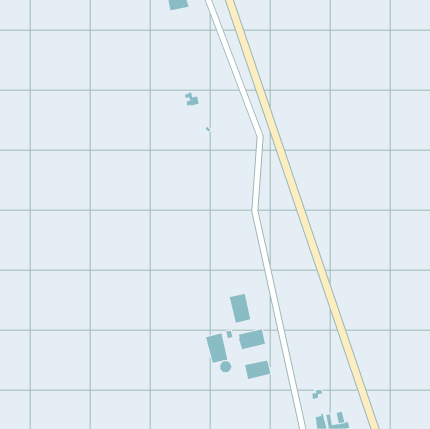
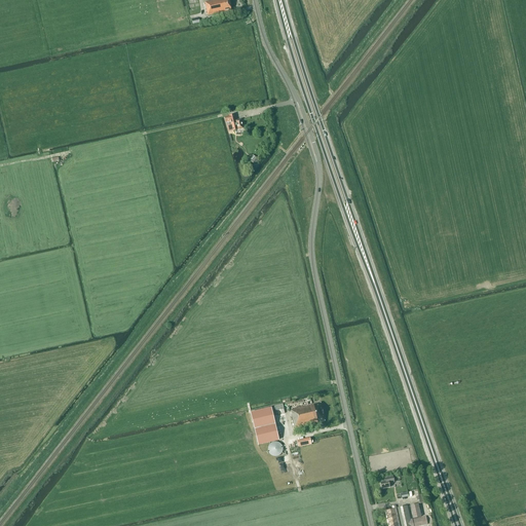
building: [229,293,251,323] -> none
building: [245,360,271,380] -> none

